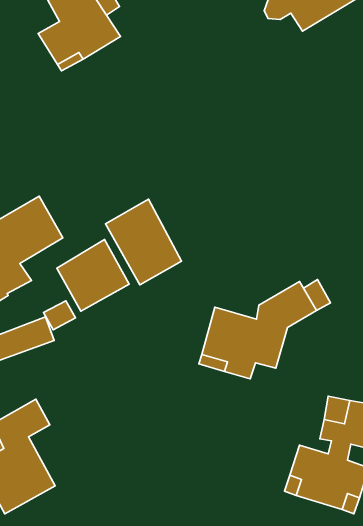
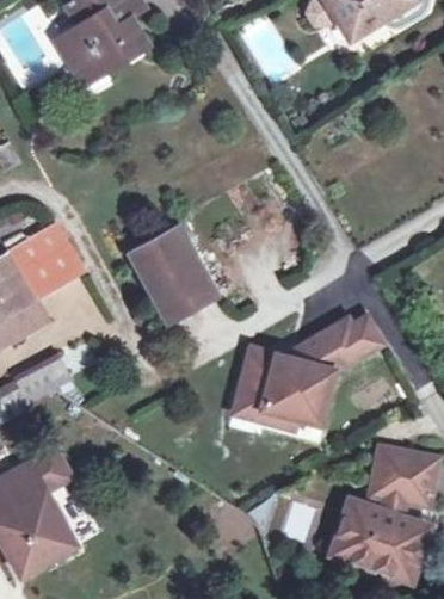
building: [57,240,129,311] -> none

